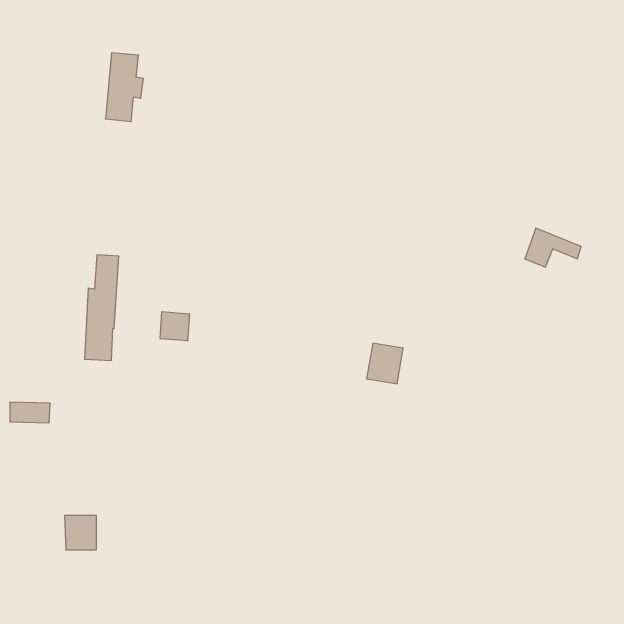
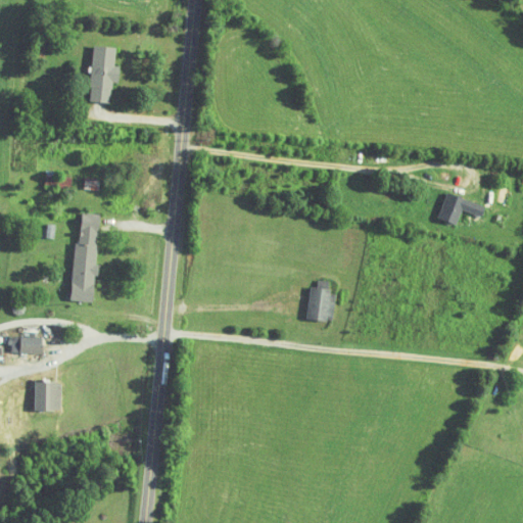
building: [160,312,189,341] -> none
building: [65,516,96,550] -> [34,382,60,411]

